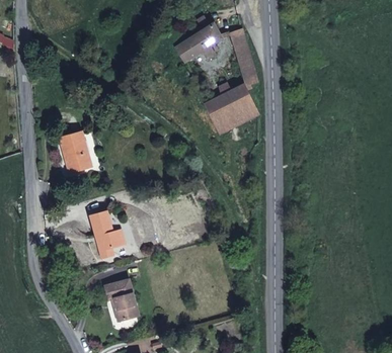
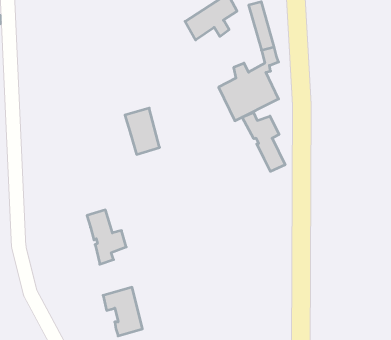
building: none -> [242,112,285,171]
building: [59,133,89,173] -> [125,108,160,154]

